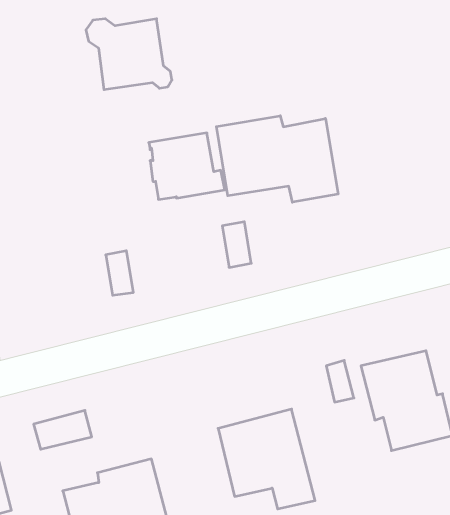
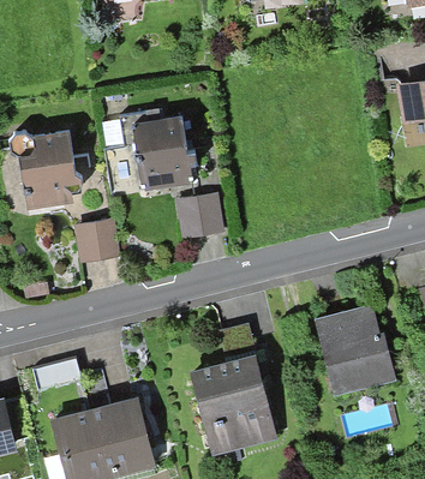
building: [86,19,172,90] -> [7,132,82,193]
building: [216,116,338,202] -> none

